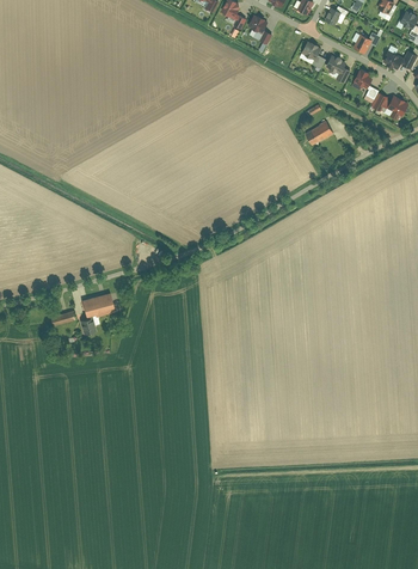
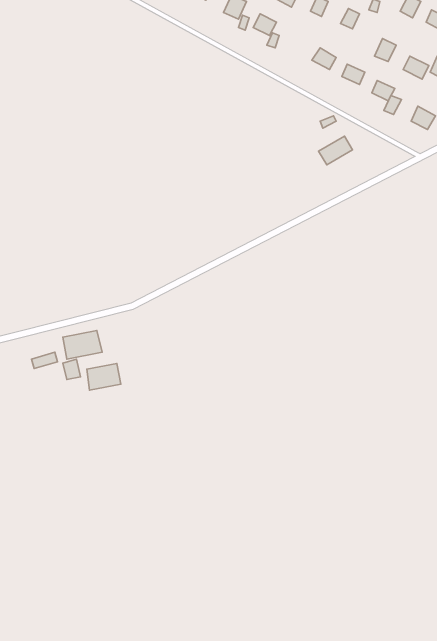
building: none -> [87,364,121,390]

